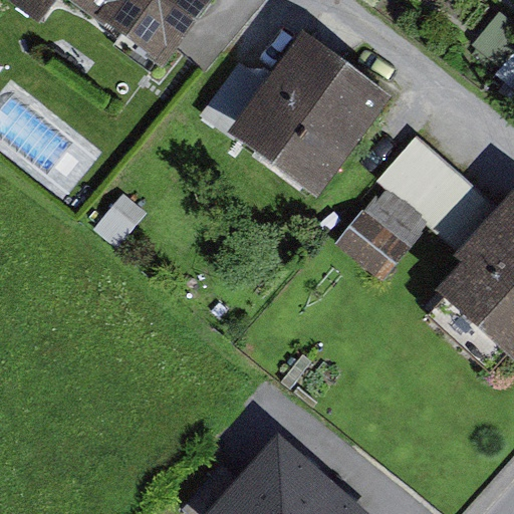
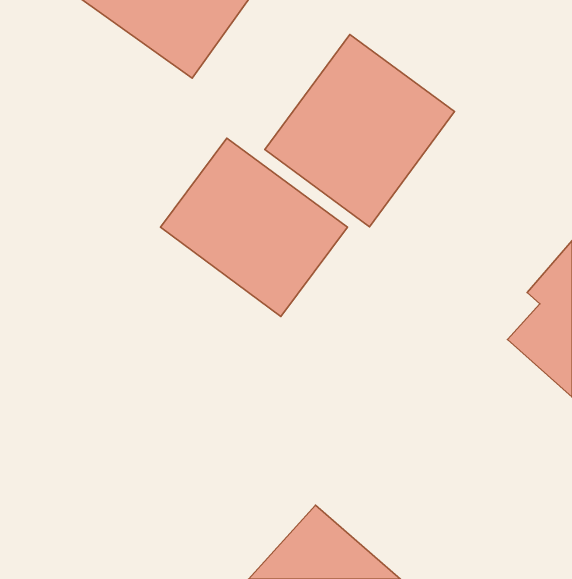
building: none -> [160,138,347,316]
building: [323,132,477,271] -> none

